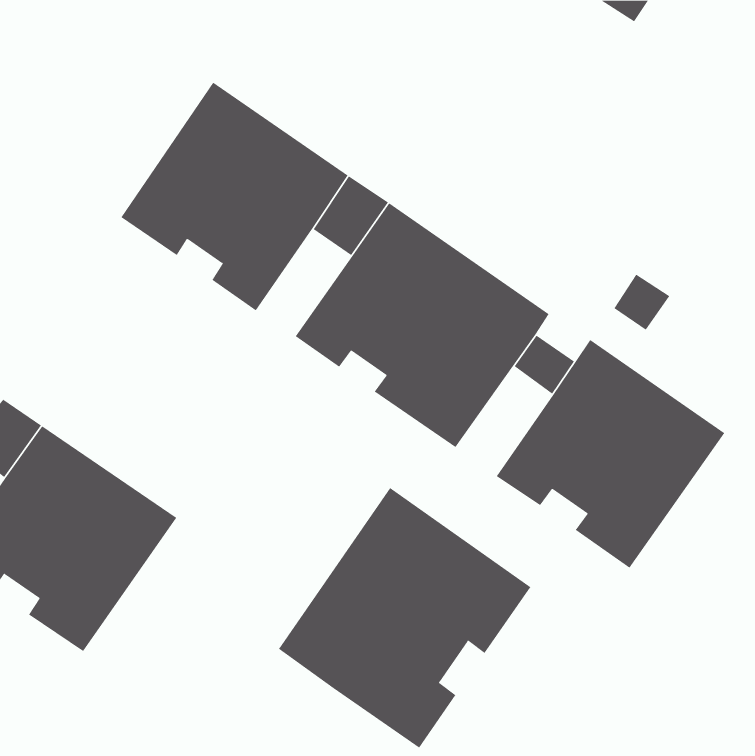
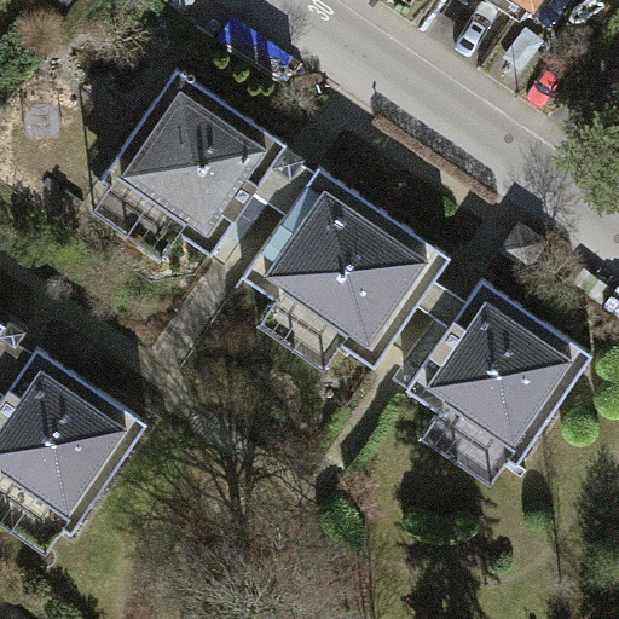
building: [278,487,531,748] -> none

